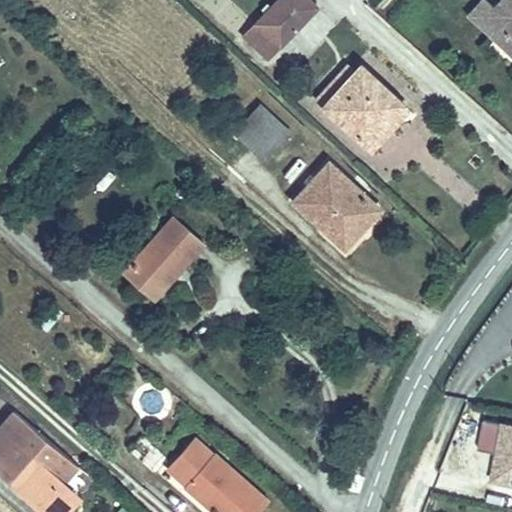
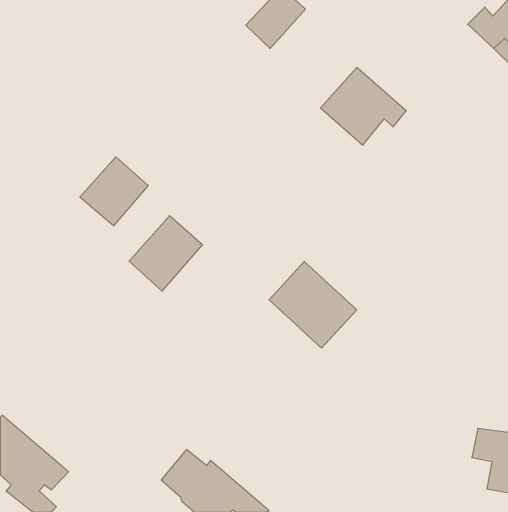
building: [236,100,292,157] -> none
building: none -> [80,157,148,226]
building: [295,159,382,245] -> [269,261,357,348]
building: [120,259,168,306] -> none

